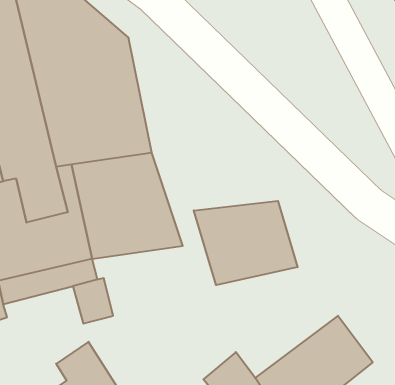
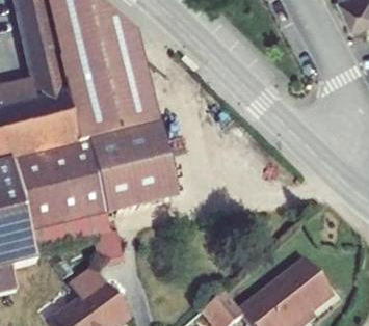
building: [194,201,298,285] -> none

